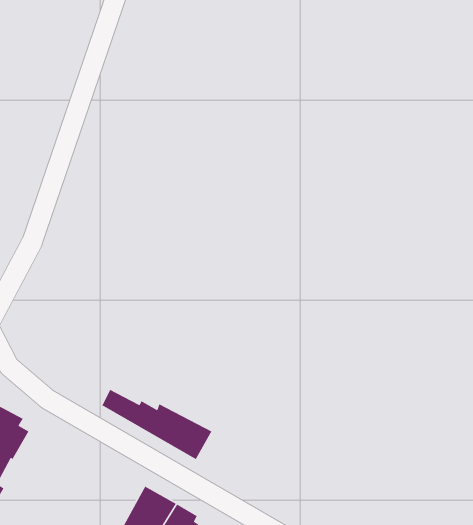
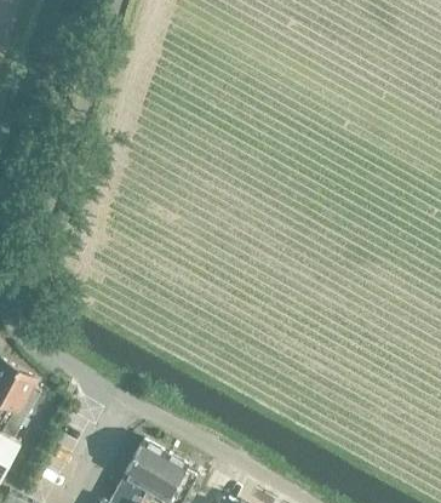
building: [101,389,212,460] -> none

